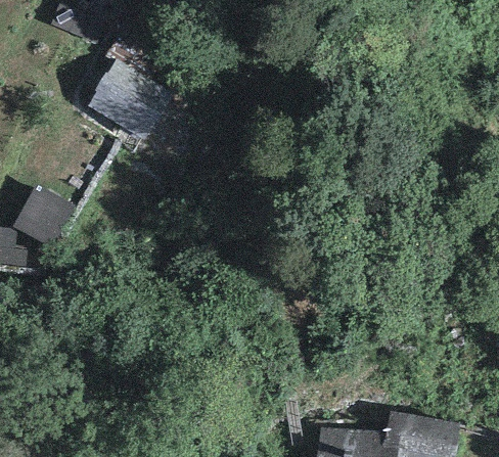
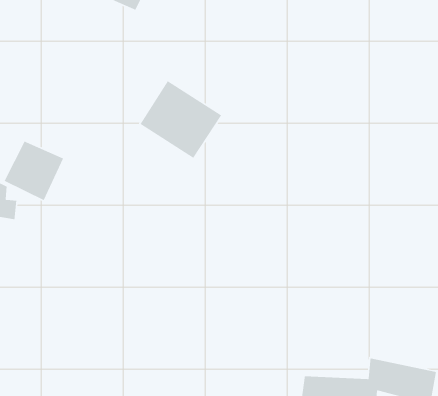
building: [88,61,173,142] -> [140,80,222,159]

